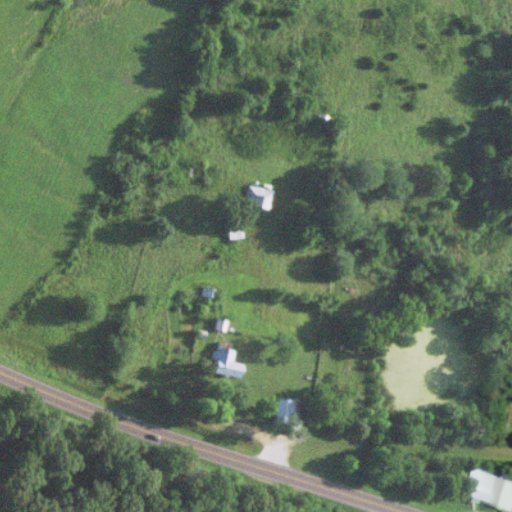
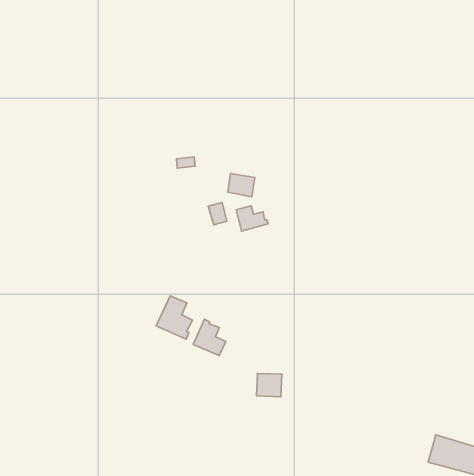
building: none -> [236,206,268,231]
building: none -> [156,296,192,339]

